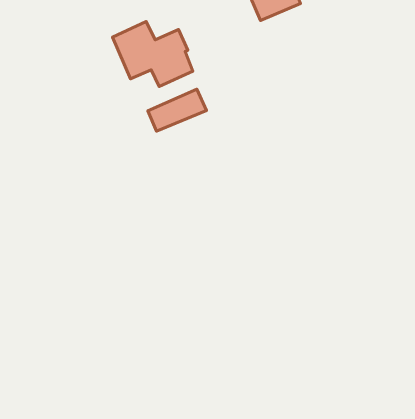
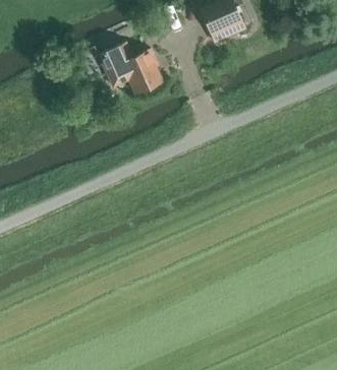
building: [148,89,207,131] -> none

